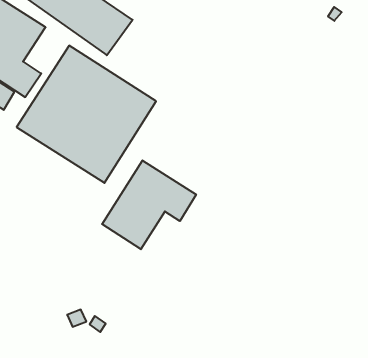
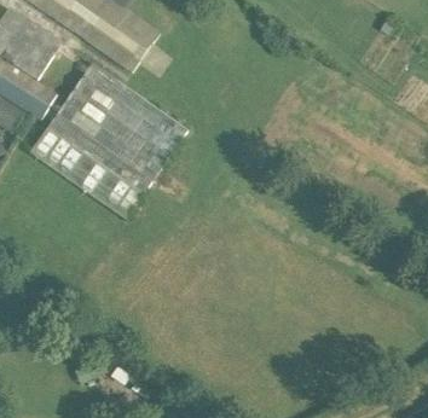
building: [102,160,196,249] -> none

